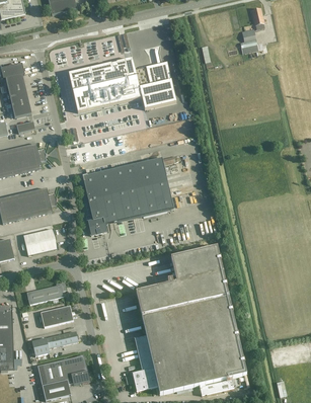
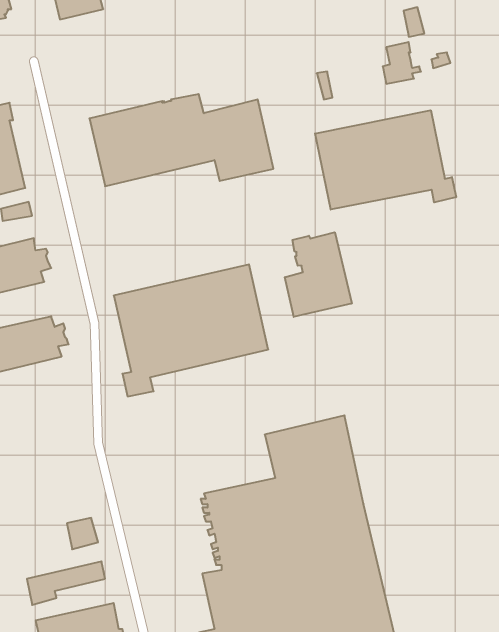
building: none -> [315,110,456,210]
building: none -> [285,232,352,317]
building: [22,228,58,254] -> none
building: [26,281,66,304] -> none

